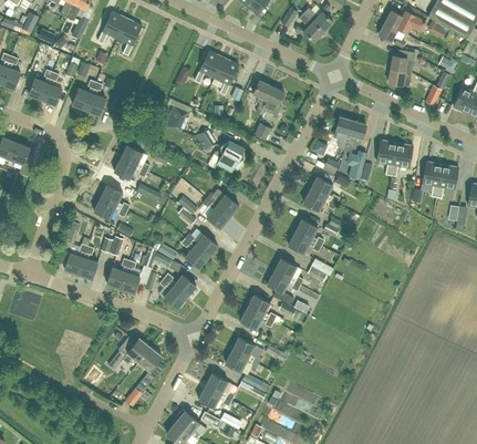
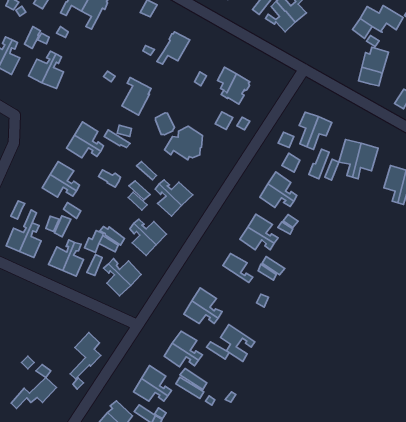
building: [214,58,238,95] -> none
building: [267,271,300,306] -> [221,324,255,361]
building: [108,338,151,370] -> [11,377,56,408]

